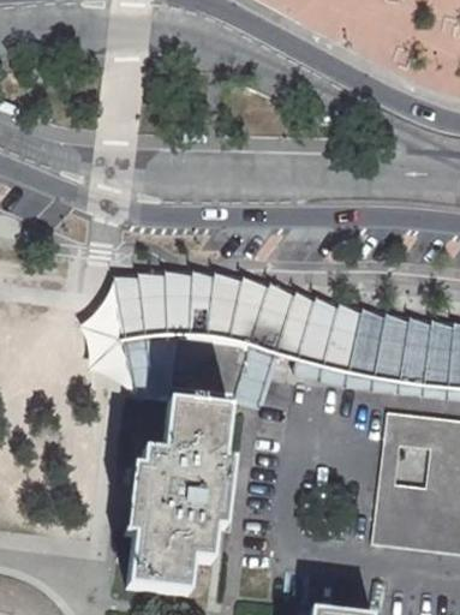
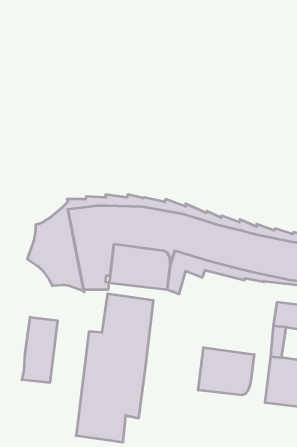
building: none -> [22,317,57,383]
building: none -> [198,348,254,395]

